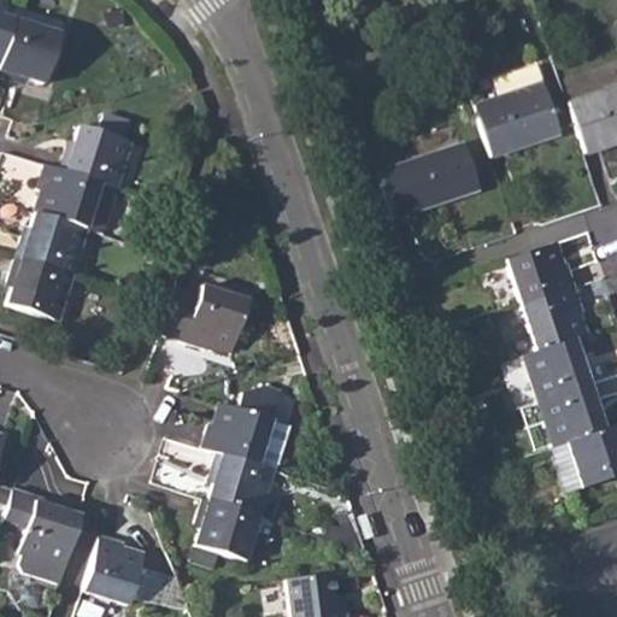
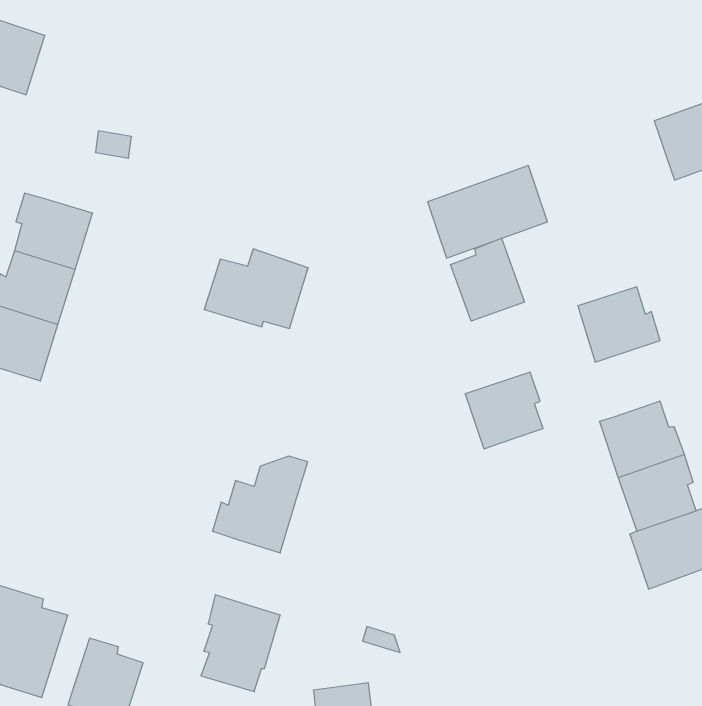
building: [476,65,562,157] -> none
building: [63,125,133,186] -> none
building: none -> [450,238,524,321]
building: [163,284,249,351] -> [204,249,308,328]
building: [522,287,587,351] -> [465,372,543,449]
building: [205,453,275,516] -> none

